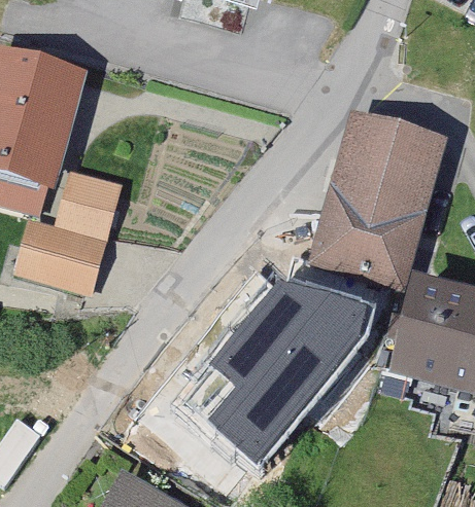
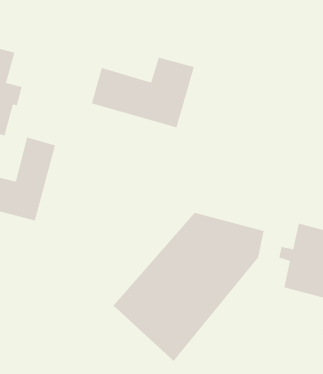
building: none -> [91,57,195,128]
building: [316,118,442,287] -> none

